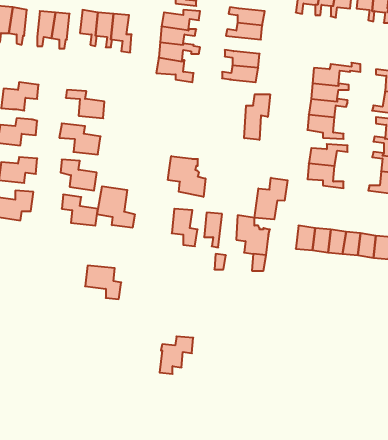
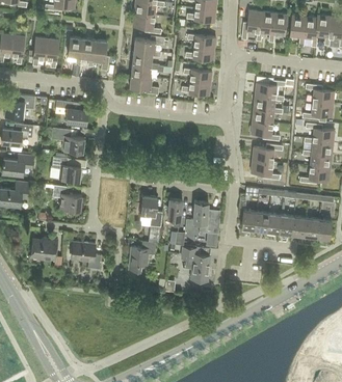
building: [244,94,270,140] -> none
building: [168,156,205,197] -> none
building: [254,178,288,219] -> none
building: [97,186,135,228] -> none
building: none -> [31,238,57,260]
building: none -> [182,246,210,278]
building: [160,336,193,374] -> [129,240,156,270]

